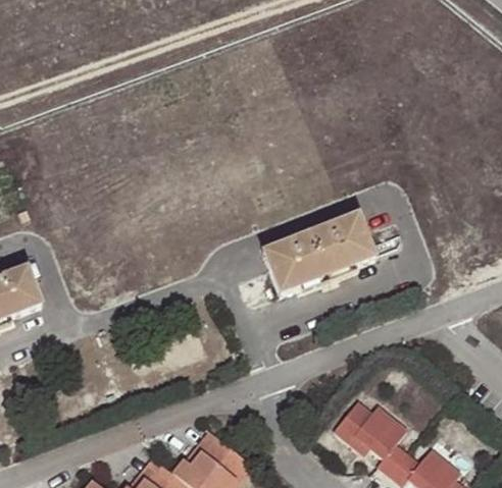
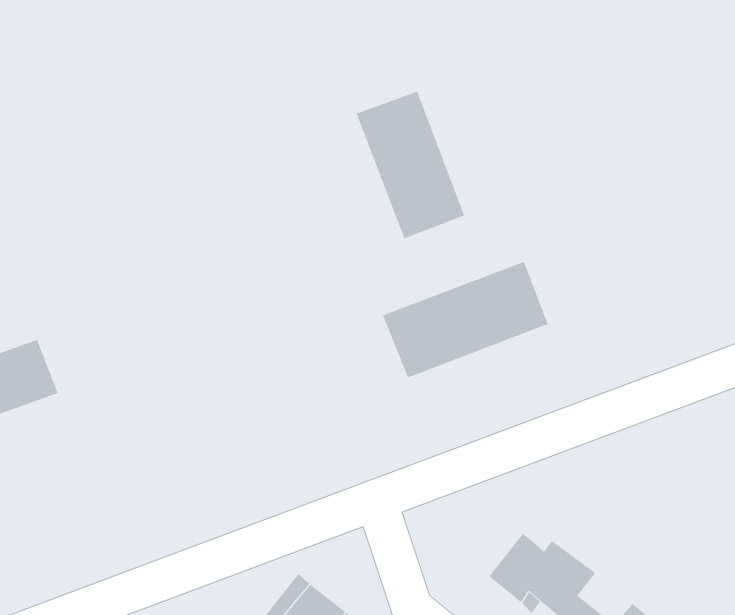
building: none -> [356,91,465,239]

